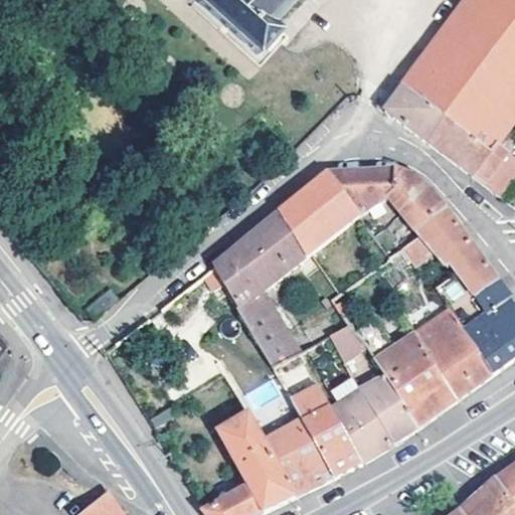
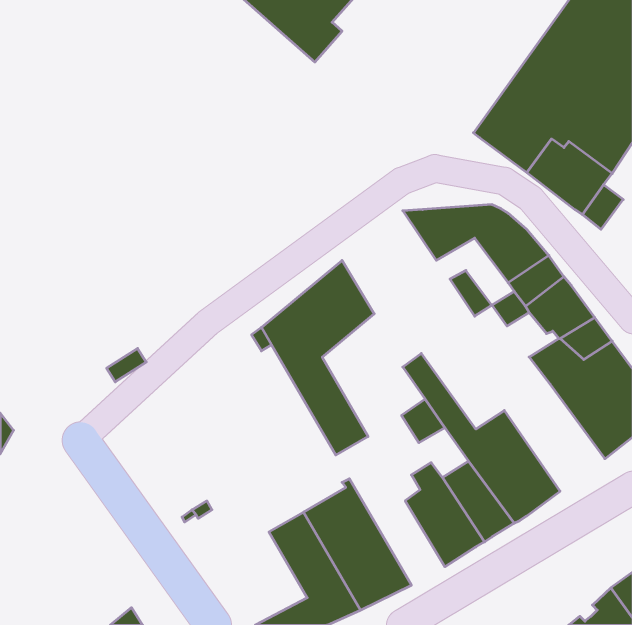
building: [279,171,357,254] -> none
building: [410,312,492,398] -> none
building: [274,354,362,475] -> none

